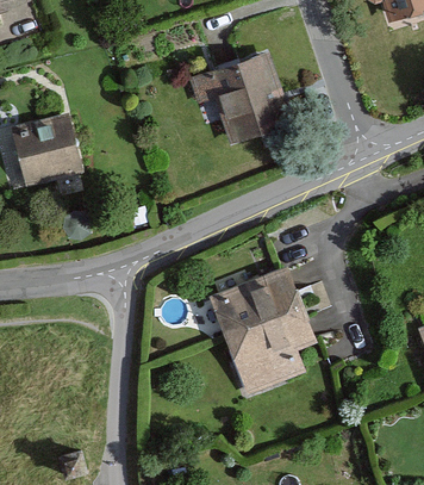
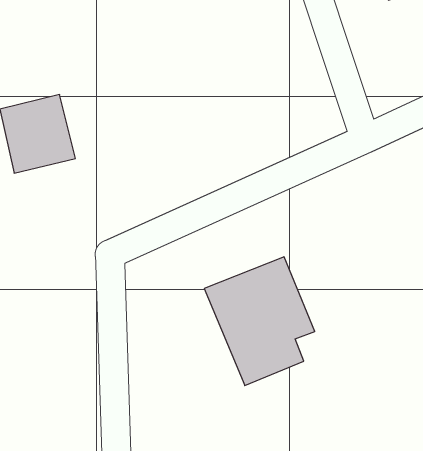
building: [205,51,291,143] -> none

